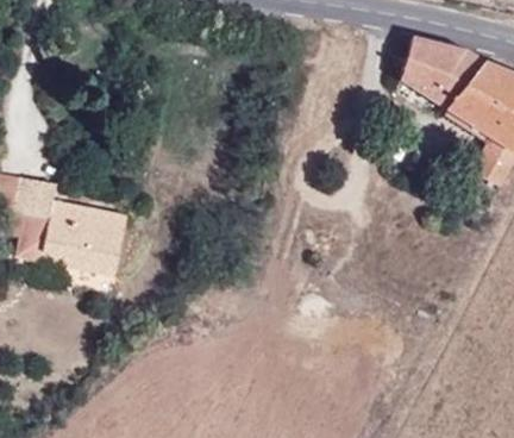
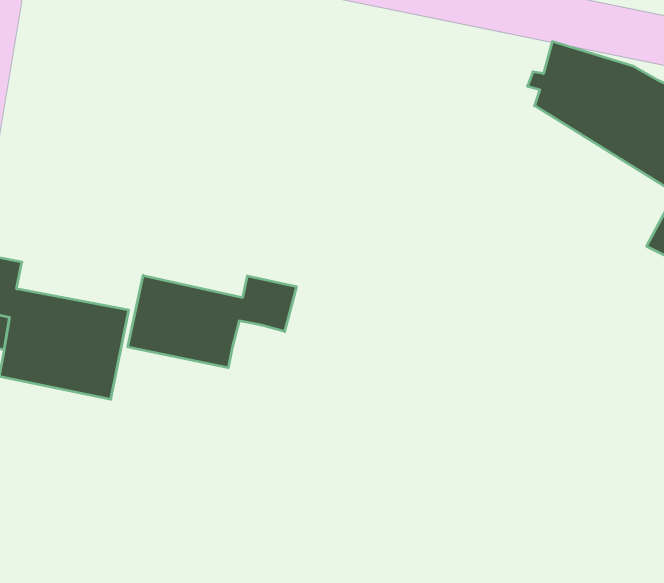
building: none -> [128,275,296,368]

